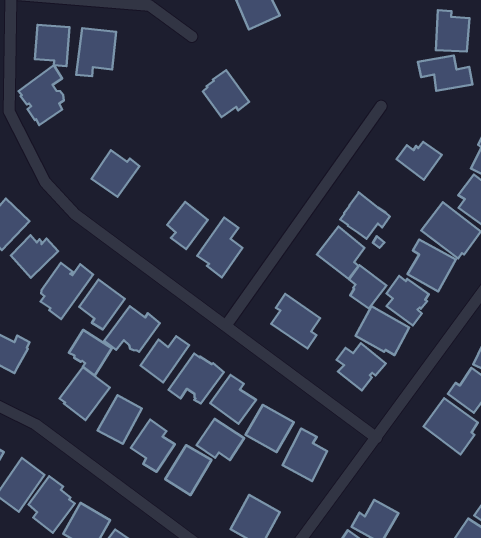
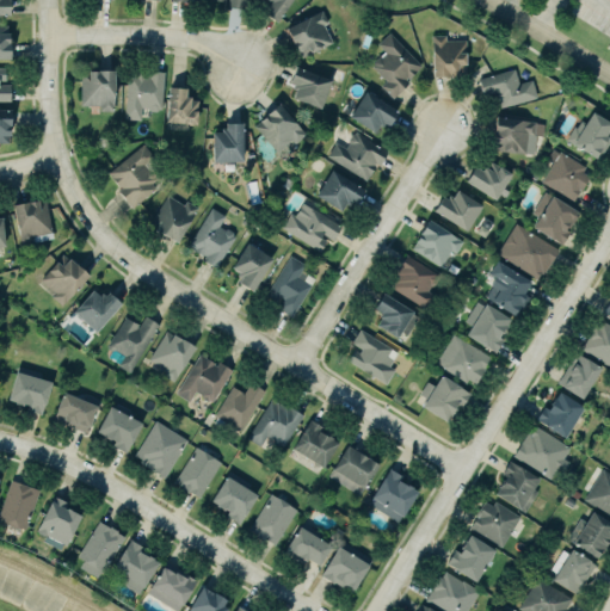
building: [436,10,469,51] -> [433,35,467,76]
building: none -> [372,33,421,98]
building: none -> [289,66,332,109]
building: none -> [165,86,198,124]
building: none -> [351,91,399,132]
building: [19,65,64,125] -> [109,143,156,206]
building: none -> [215,123,245,161]
building: none -> [493,116,537,154]
building: none -> [327,132,388,181]
building: none -> [316,169,365,211]
building: none -> [187,208,238,267]
building: none -> [437,191,482,230]
building: none -> [283,204,343,249]
building: [349,265,387,308] -> [374,292,413,337]
building: [69,330,112,376] -> [97,407,141,453]
building: [196,419,244,460] -> [284,524,333,566]
building: none -> [495,463,541,511]
building: none -> [472,500,520,547]

